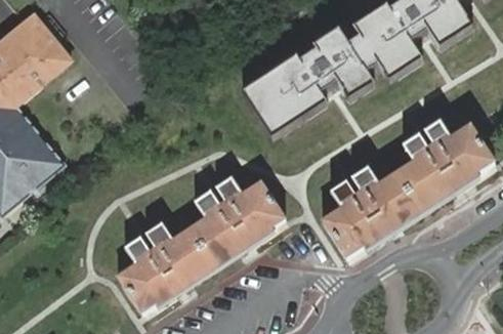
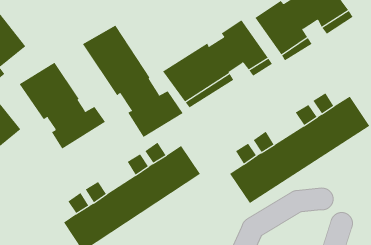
building: none -> [82,25,184,138]
building: none -> [19,62,106,150]

